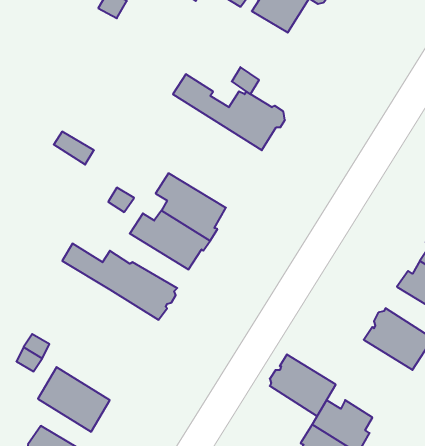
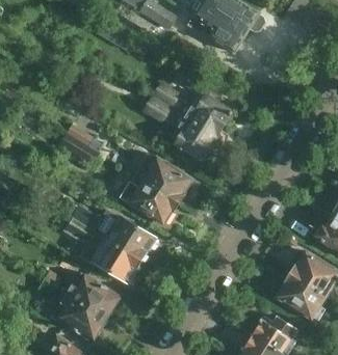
building: none -> [142,97,216,161]
building: none -> [62,217,141,280]
building: none -> [68,272,120,318]
building: [270,354,336,416] -> [278,274,326,319]

